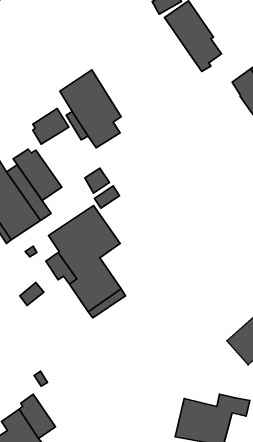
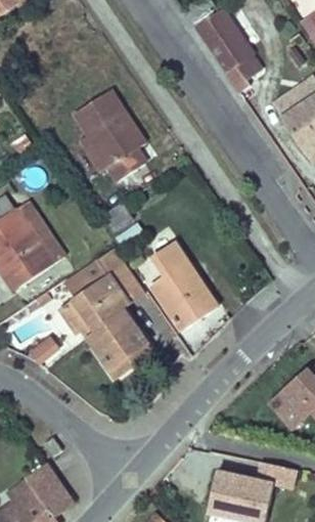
building: [33,109,69,144] -> none
building: [13,149,62,201] -> none
building: none -> [151,244,218,331]

